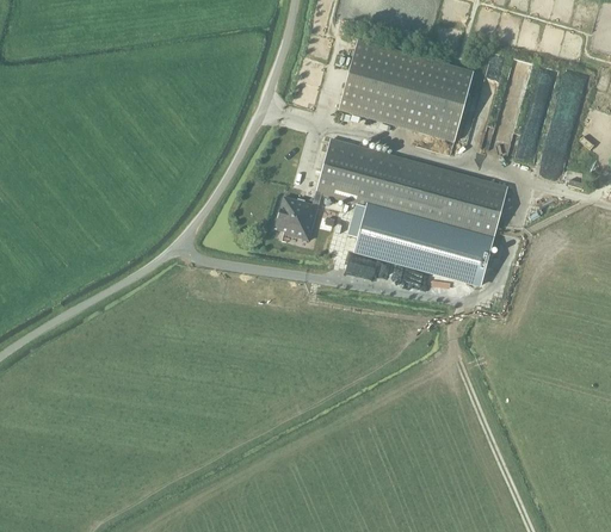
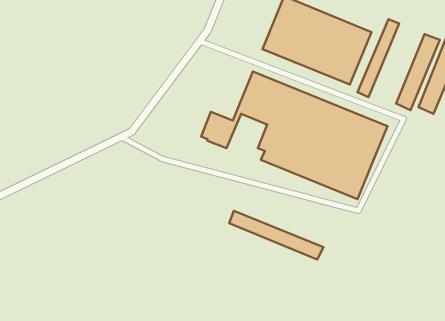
building: [488,57,531,155] -> none
building: none -> [229,211,323,260]

